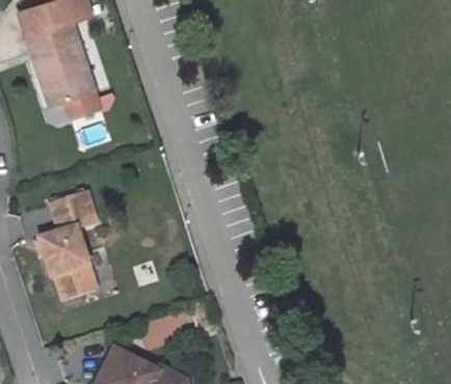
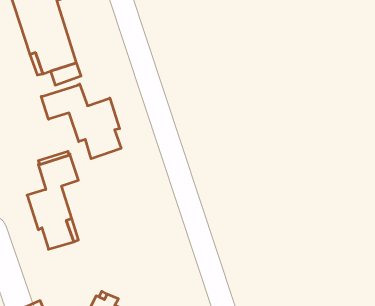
building: none -> [41,84,121,159]

